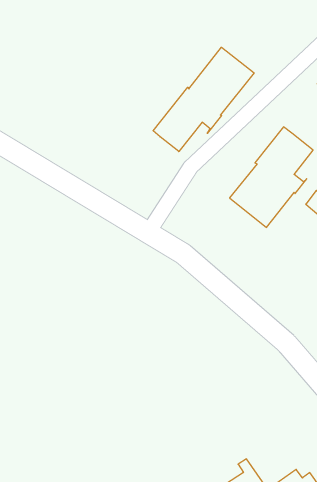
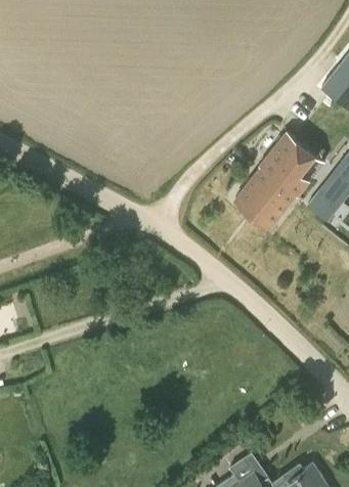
building: [153,47,254,152] -> none

